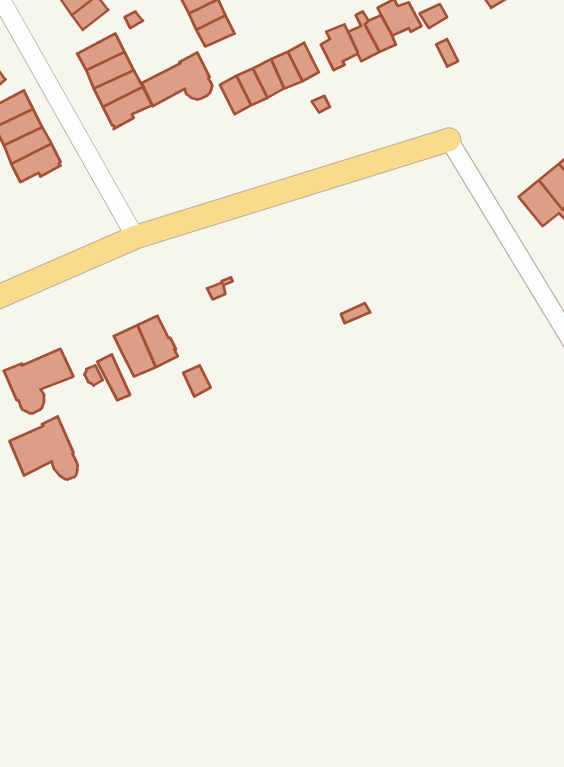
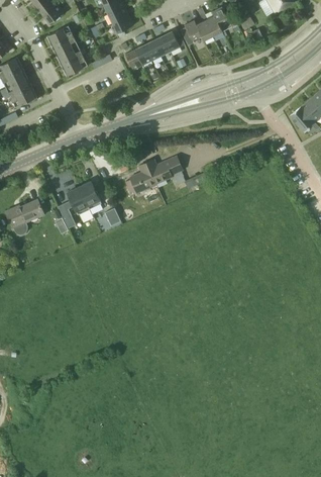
building: [142,52,212,106] -> none
building: none -> [129,156,186,192]
building: [10,416,78,480] -> none

